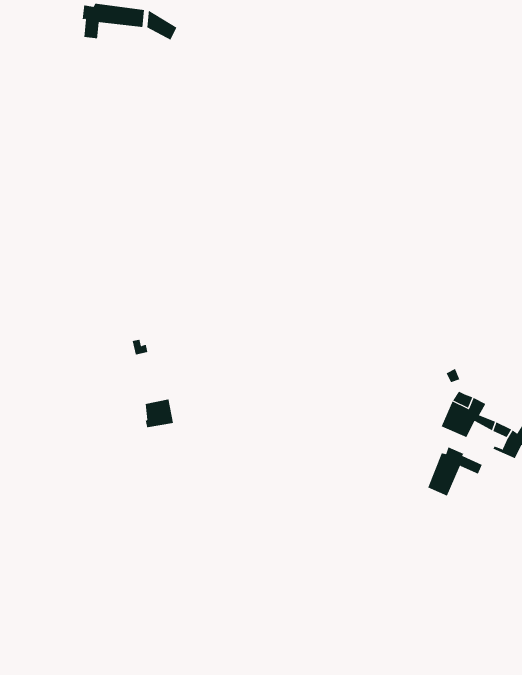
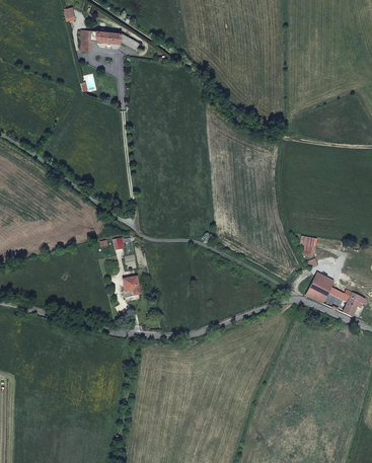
building: [427,446,483,497] -> none

